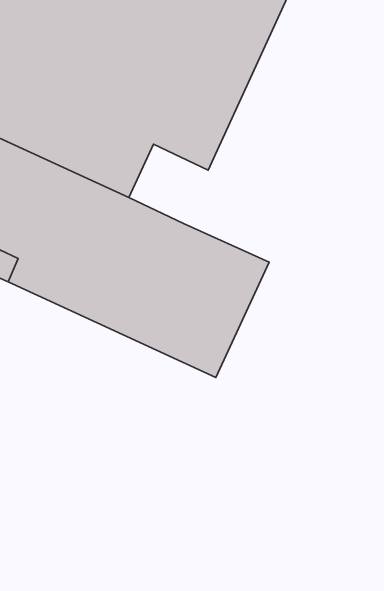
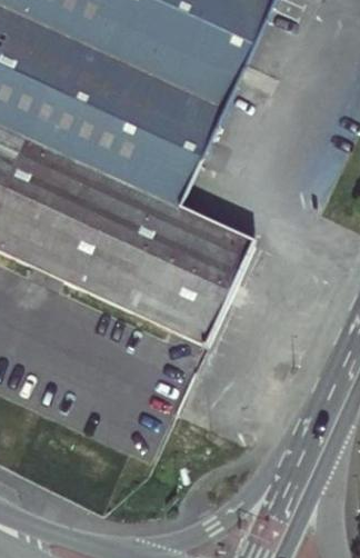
building: none -> [126,136,197,207]

